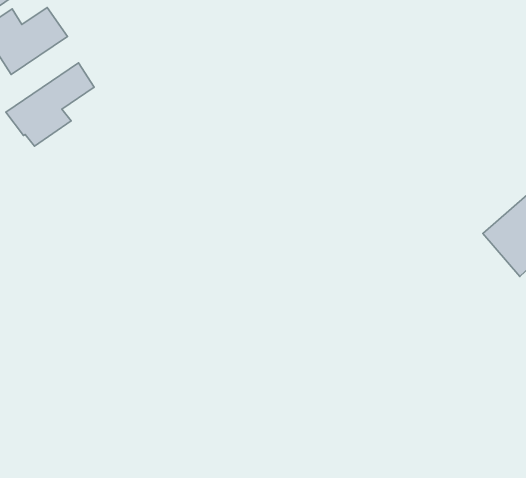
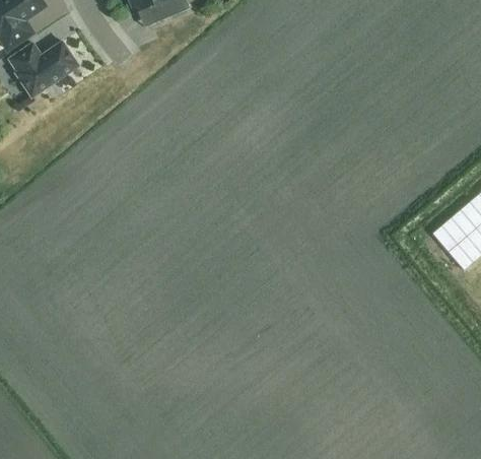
building: [6,63,94,146] -> none

